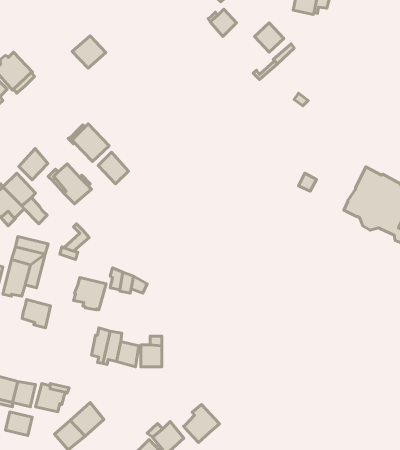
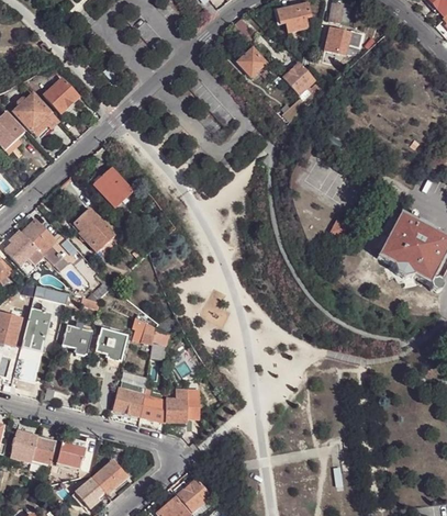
building: [72,36,106,68] -> [43,78,78,112]
building: [19,148,48,180] -> none
building: [98,152,129,184] -> none
building: [22,299,51,328] -> [62,324,91,354]
building: [184,405,220,443] -> none
building: [6,412,32,436] -> none

